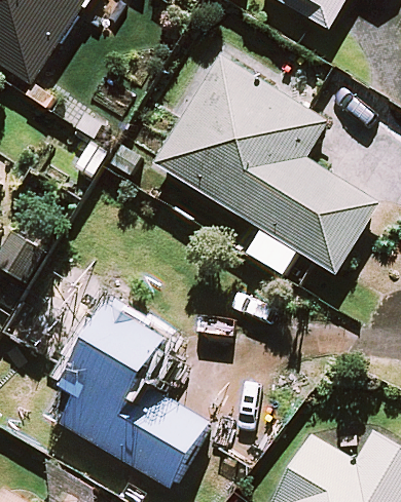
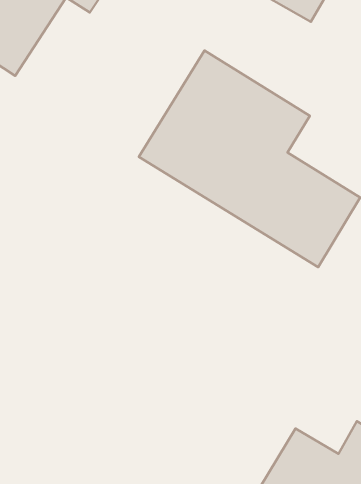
building: [62,298,208,486] -> none

